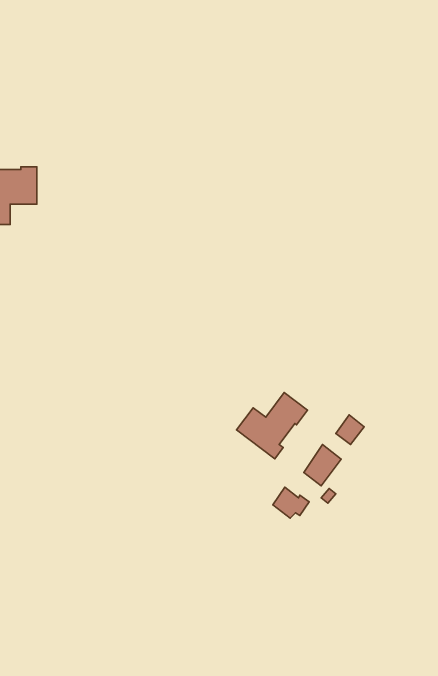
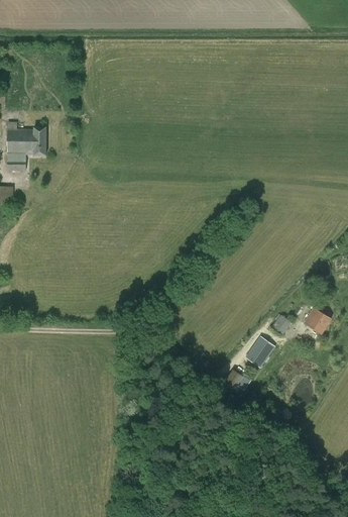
building: [237,392,308,459] -> none
building: none -> [304,303,336,333]

